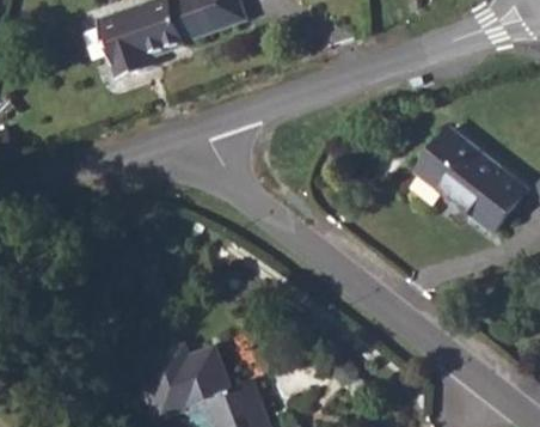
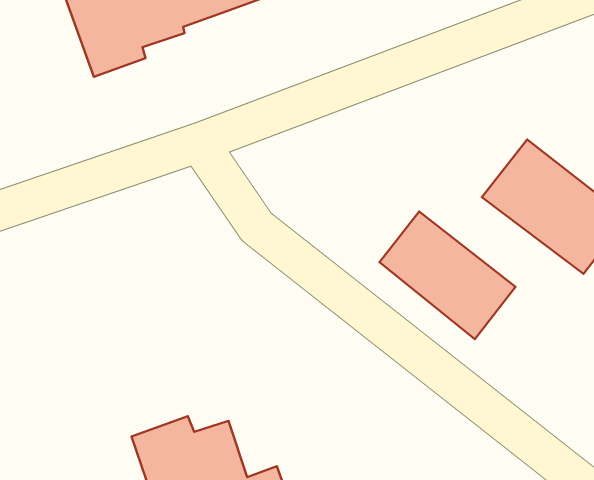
building: none -> [379,211,516,339]

